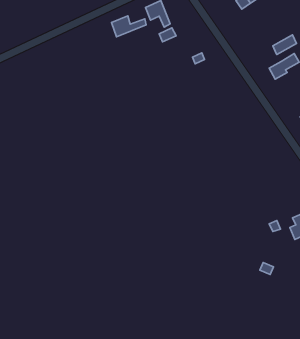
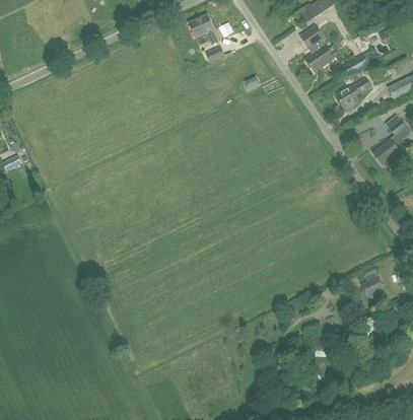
building: none -> [300,25,332,70]
building: [111,16,146,37] -> none

